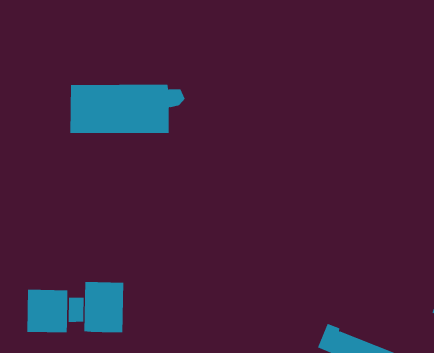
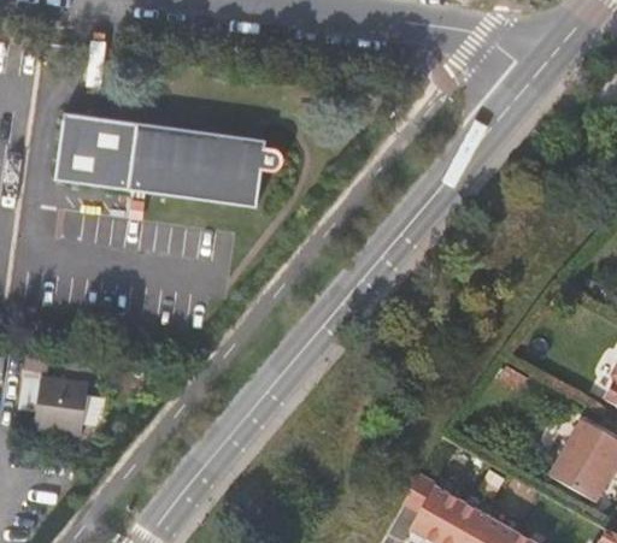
building: none -> [53,113,137,187]
building: [84,281,124,333] -> none

